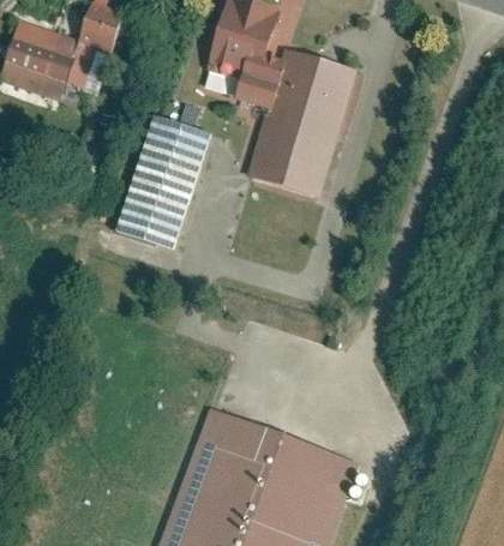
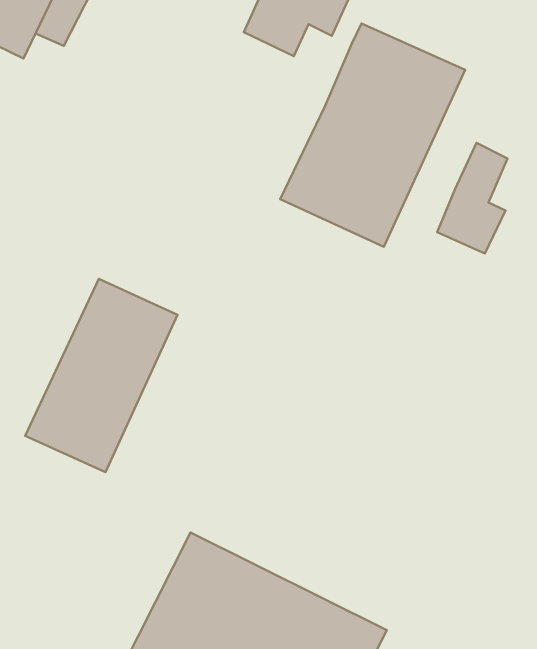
building: [235,53,280,107] -> none
building: [116,116,210,247] -> [25,279,178,472]
building: none -> [437,143,508,254]

